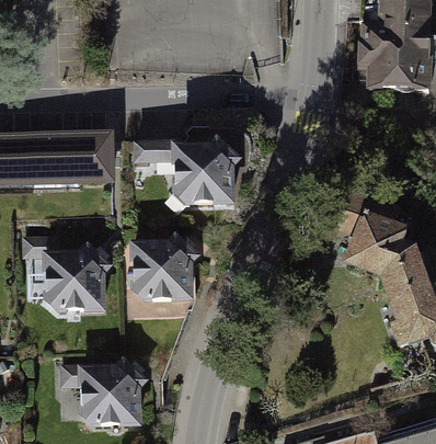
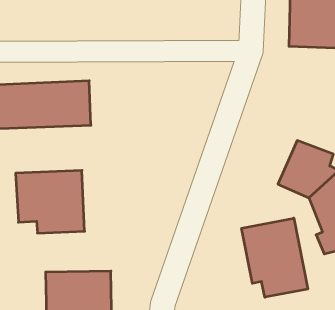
building: [139,139,243,204] -> none
building: [133,240,198,307] -> none
building: none -> [242,218,308,297]

